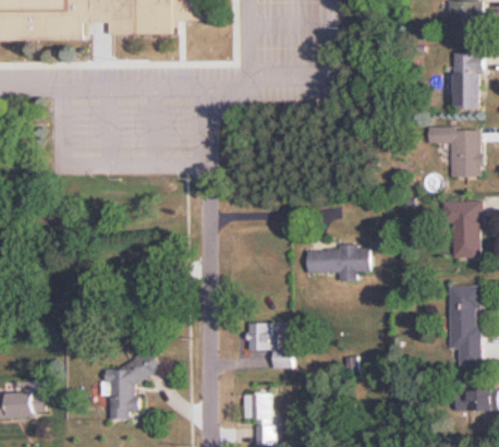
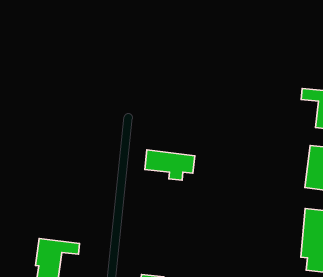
building: [305,246,368,281] -> [145,150,195,180]
building: [246,321,290,369] -> none

